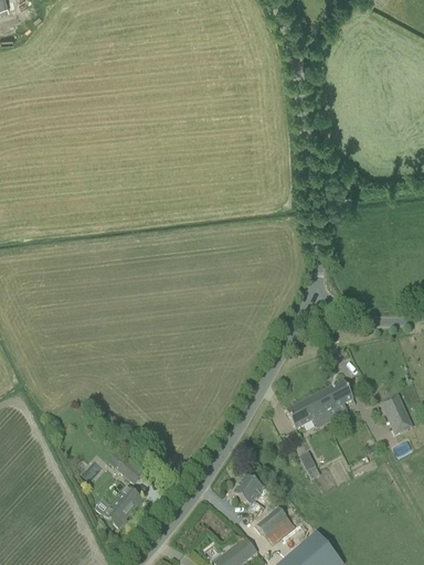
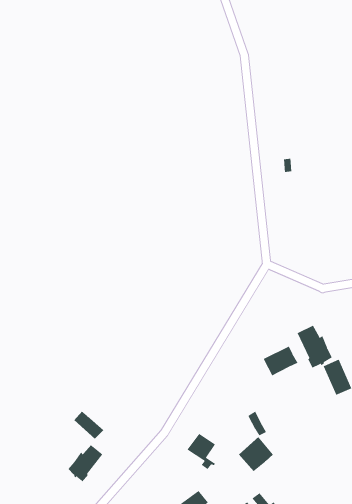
building: none -> [297,325,333,368]
building: [286,394,326,428] -> none
building: [256,505,295,544] -> [238,436,274,472]

